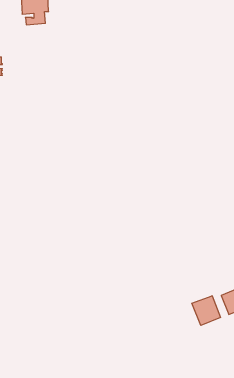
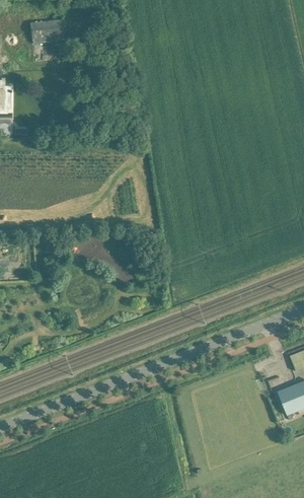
building: [192,296,220,325] -> none

